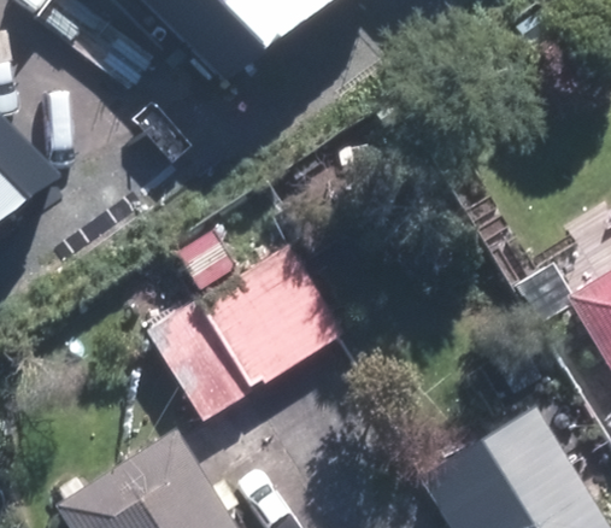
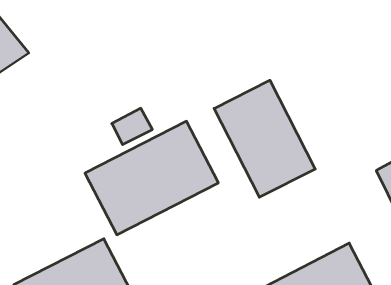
building: none -> [214,80,315,197]

